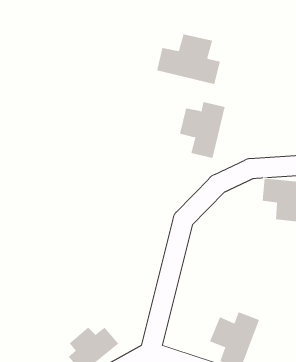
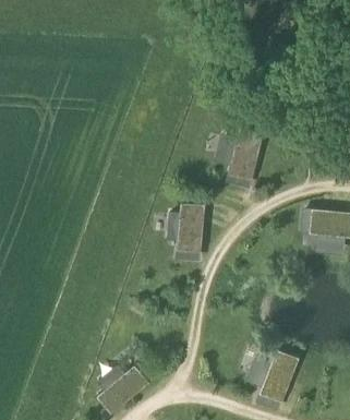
building: [156,34,220,85] -> none
building: none -> [168,202,206,260]

